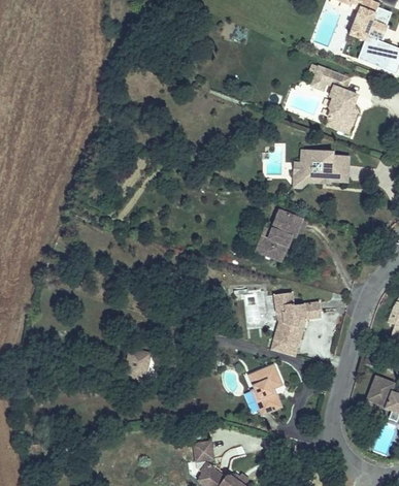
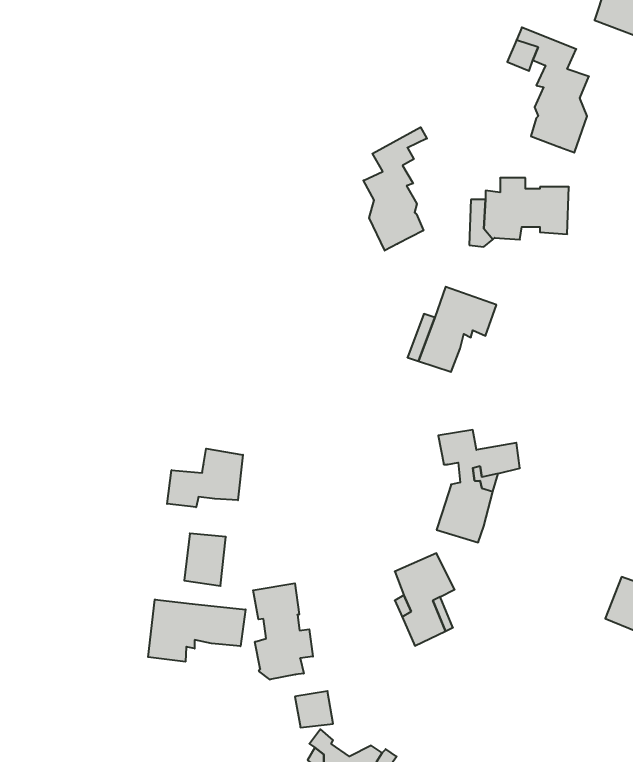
building: none -> [363,127,427,251]
building: none -> [167,449,243,507]
building: none -> [253,583,313,680]
building: none -> [148,599,246,662]

